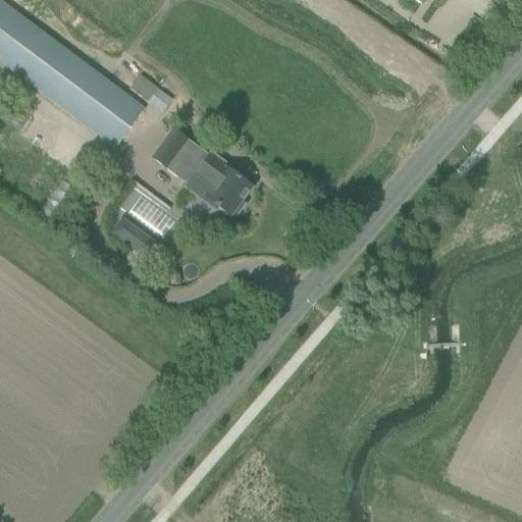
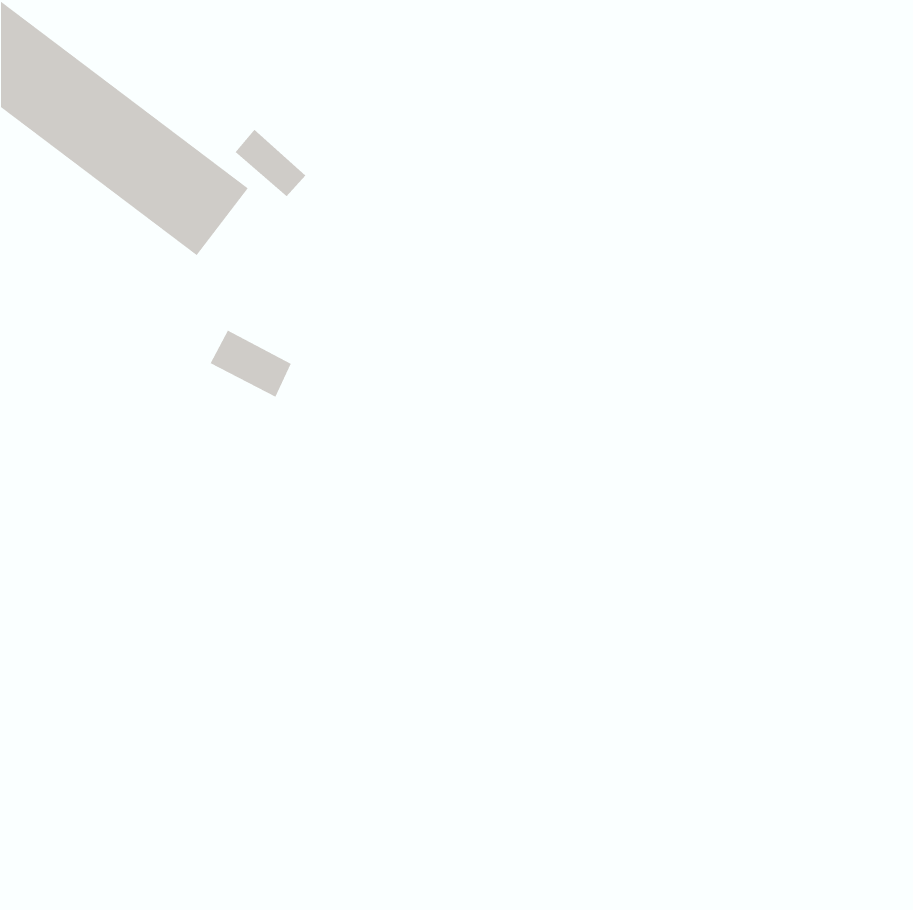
building: [152,128,252,215] -> none
building: [111,217,146,250] -> none

